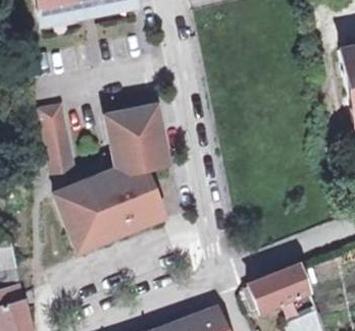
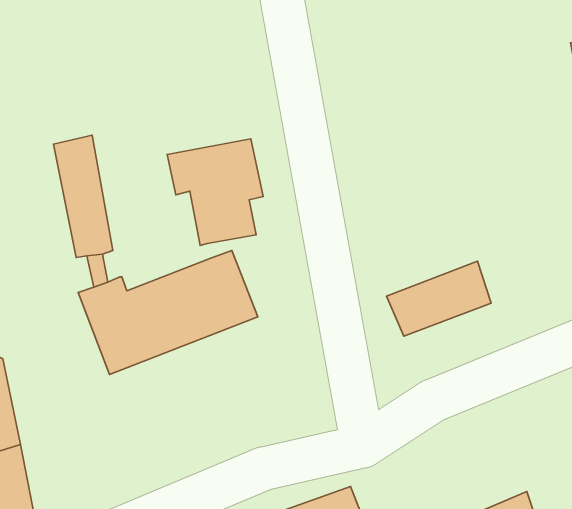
building: [78,137,134,196] -> none
building: [247,265,308,309] -> [387,261,491,336]

